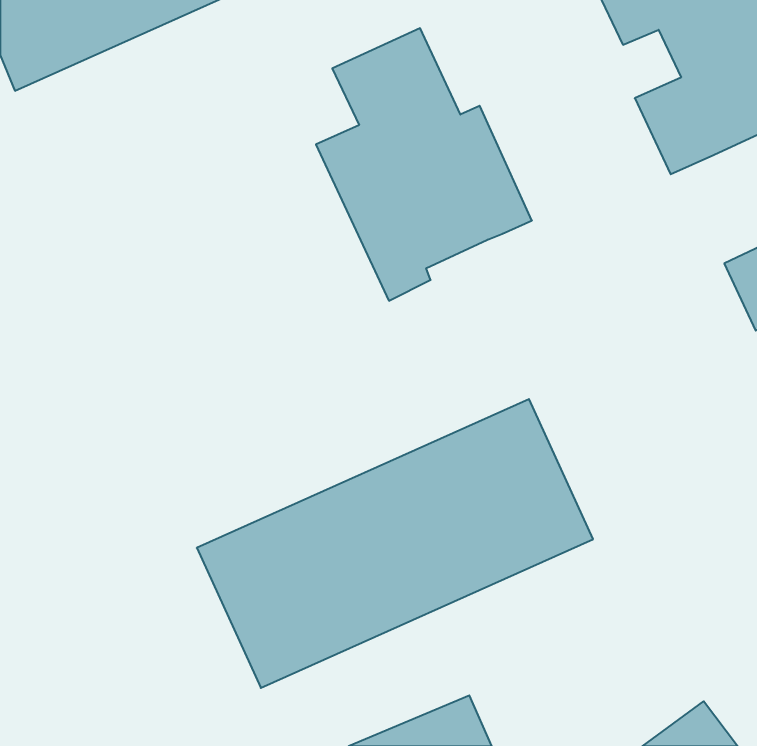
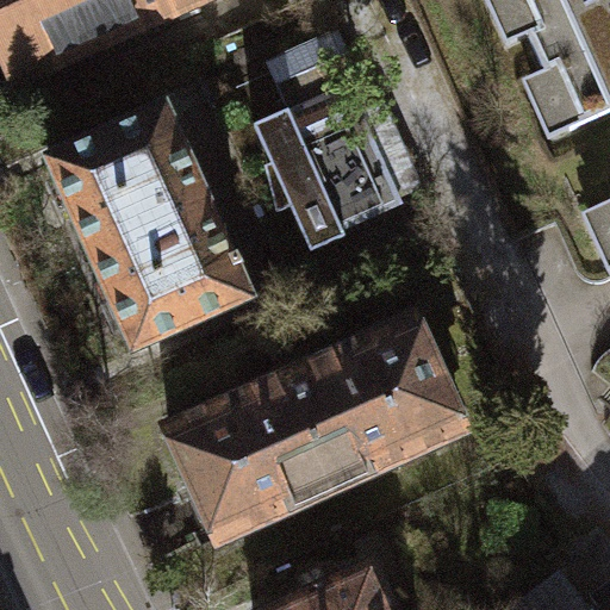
building: none -> [41,102,244,346]

